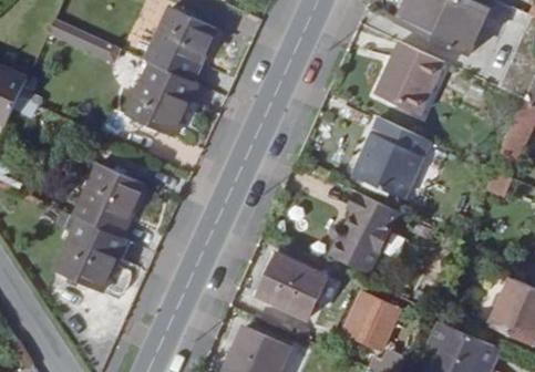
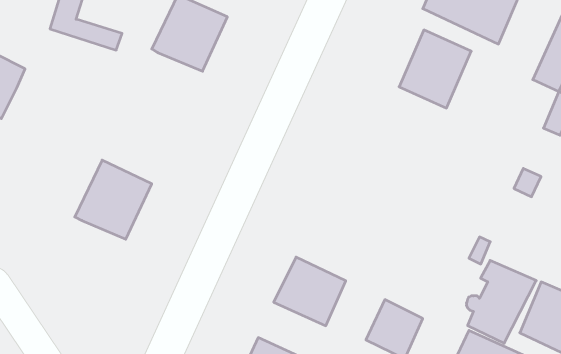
building: [126,62,197,135] -> none
building: [353,117,430,198] -> none
building: [333,193,399,270] -> [466,260,536,343]
building: [54,219,125,292] -> none

